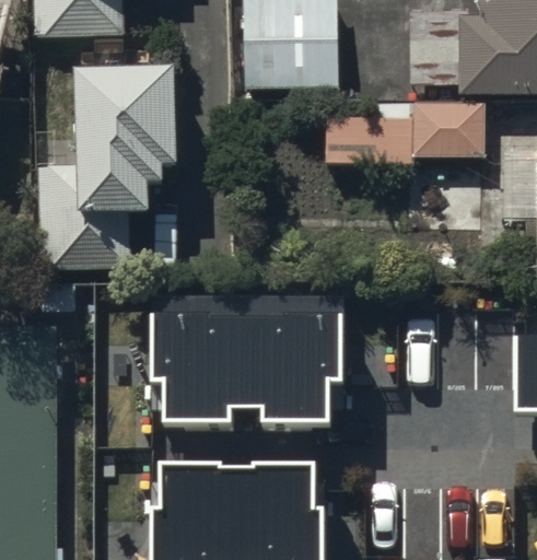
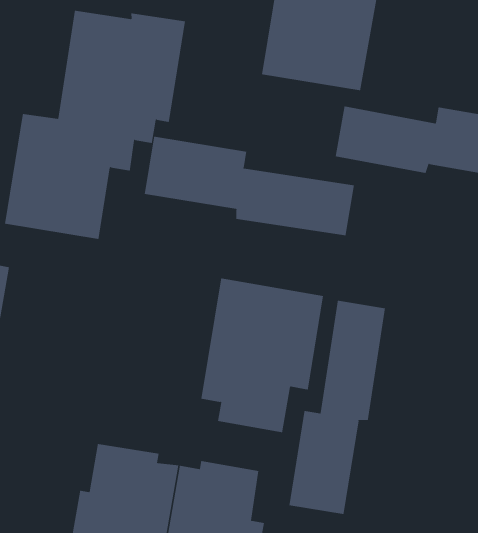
building: none -> [144,136,354,236]
building: [150,292,245,423] -> none
building: none -> [289,300,386,515]

